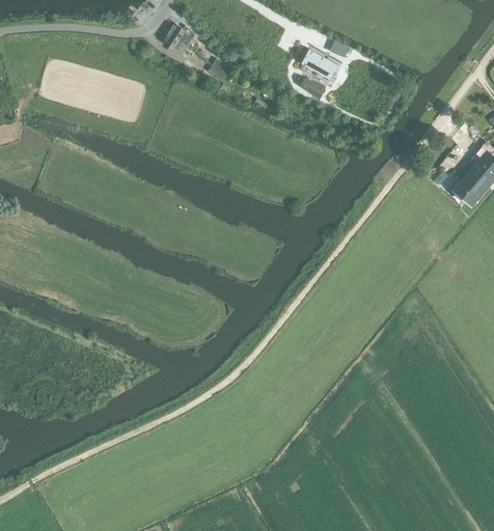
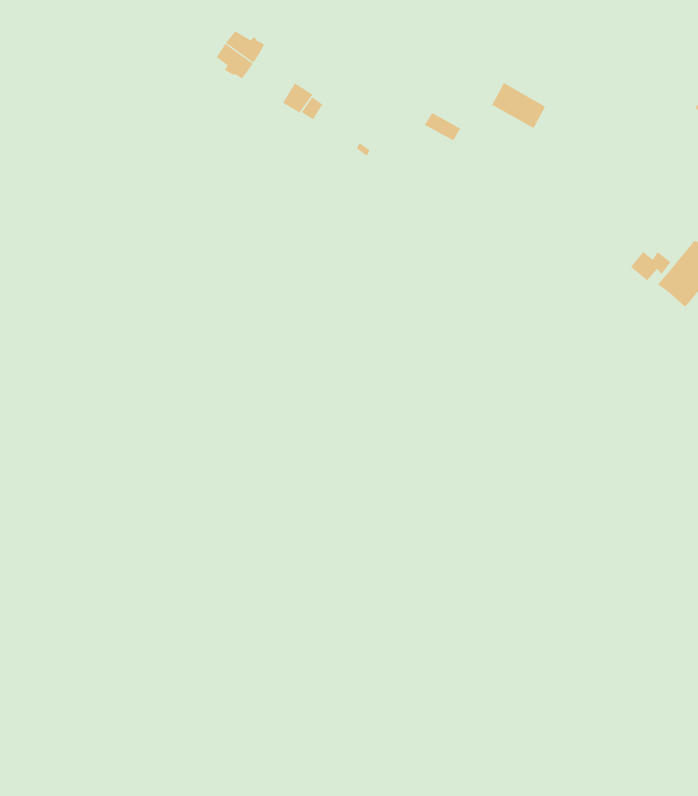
building: [302,48,339,79] -> [490,82,547,129]

